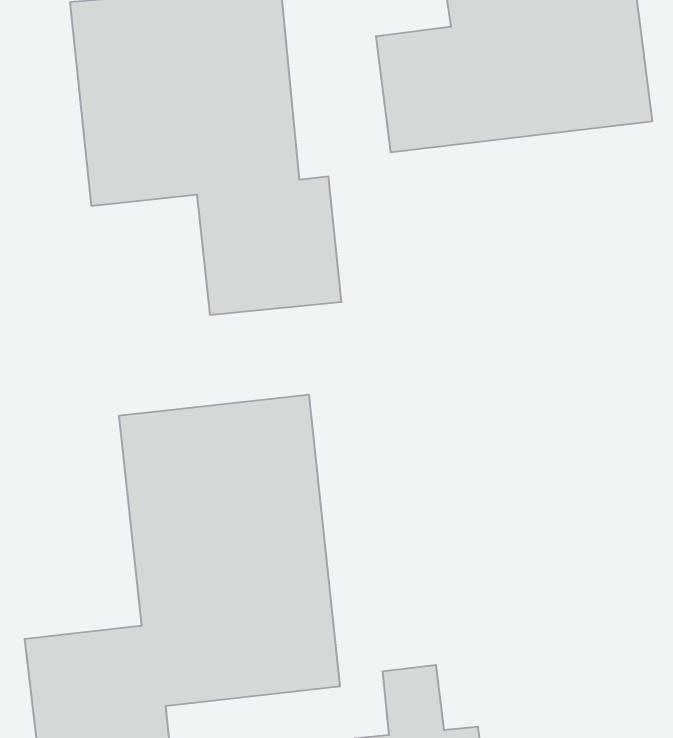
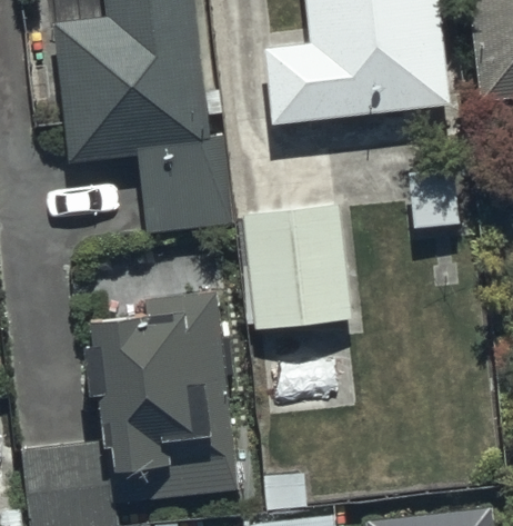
building: none -> [244,206,346,327]

